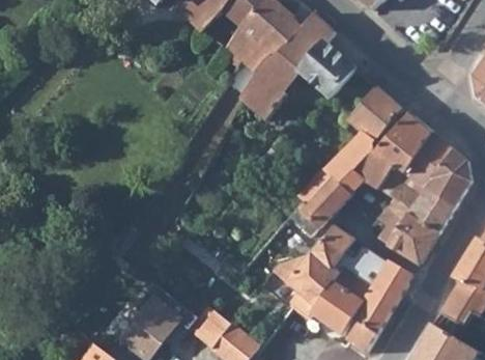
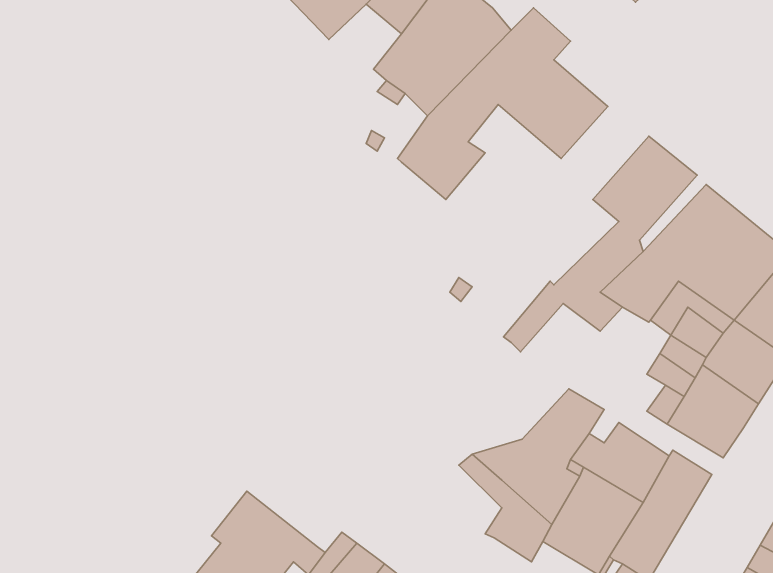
building: [289,178,351,237] -> none

